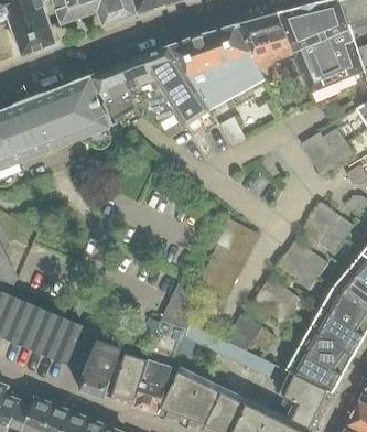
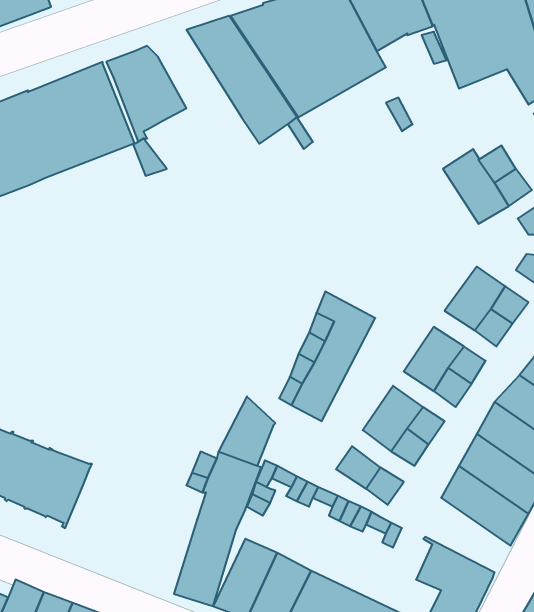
building: [117,56,175,117] -> none
building: [78,332,126,397] -> none
building: [285,346,342,392] -> none
building: [110,353,147,404] -> none

